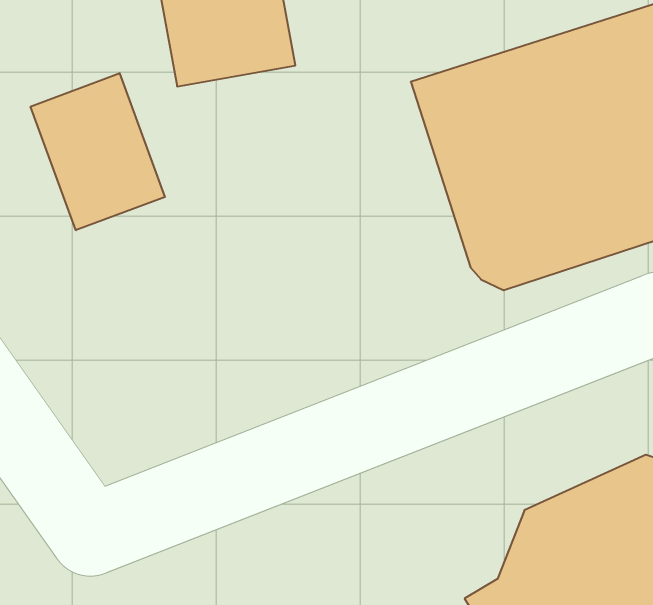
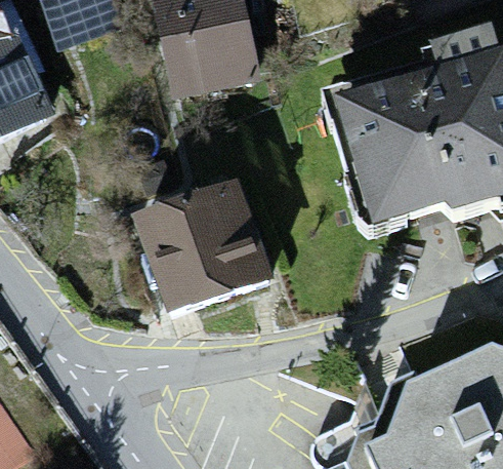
building: [31,73,165,230] -> none
building: none -> [134,188,274,322]

